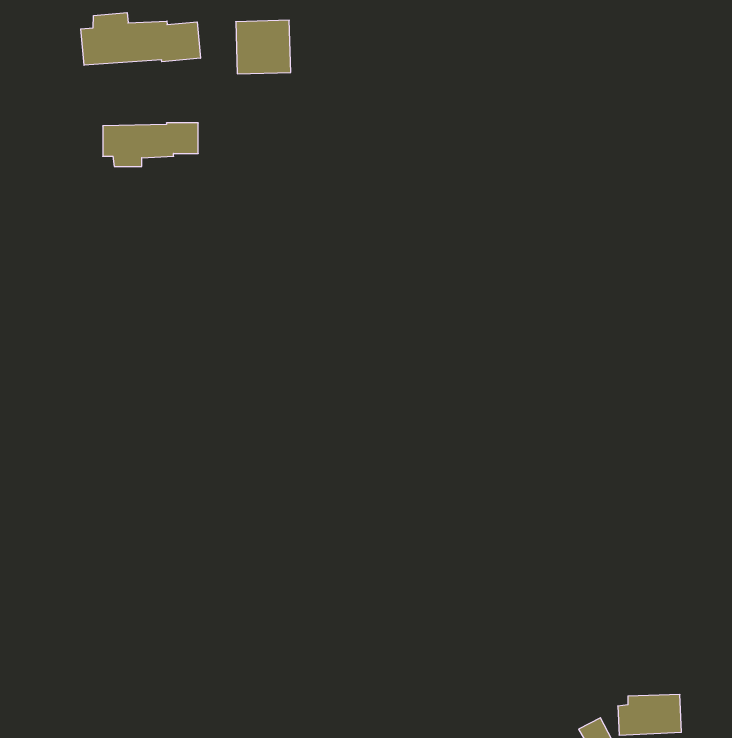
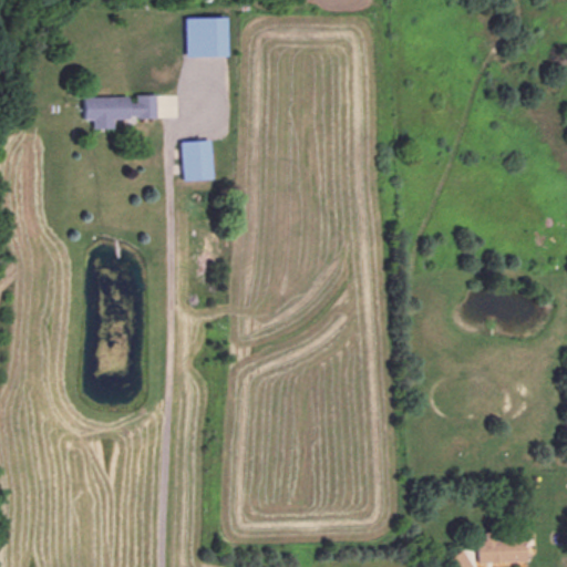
building: [81,13,200,65] -> none
building: none -> [182,140,213,181]

